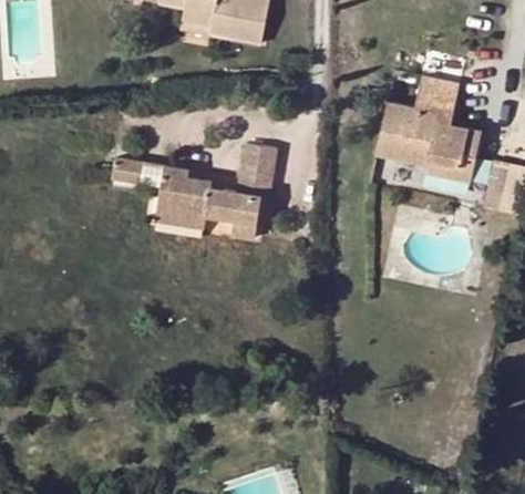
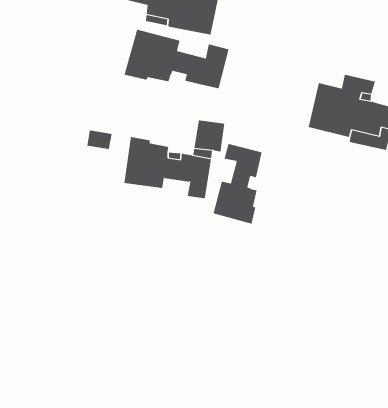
building: none -> [124,29,229,89]
building: none -> [213,143,262,225]

